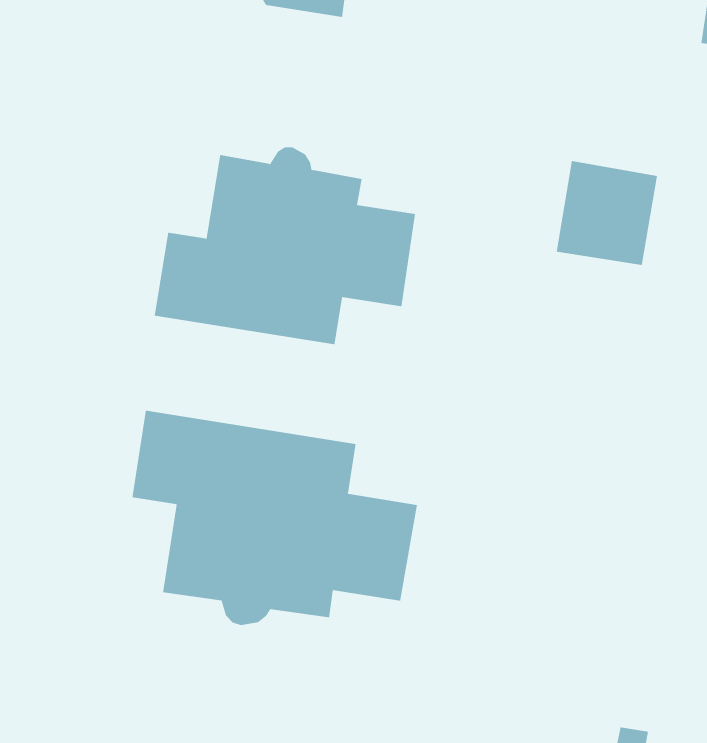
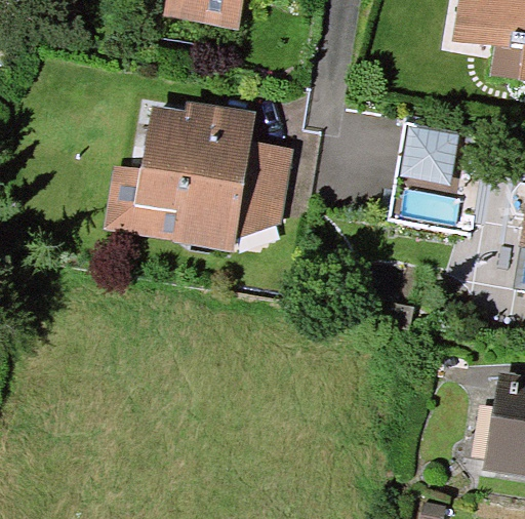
building: [132,410,417,626] -> none

